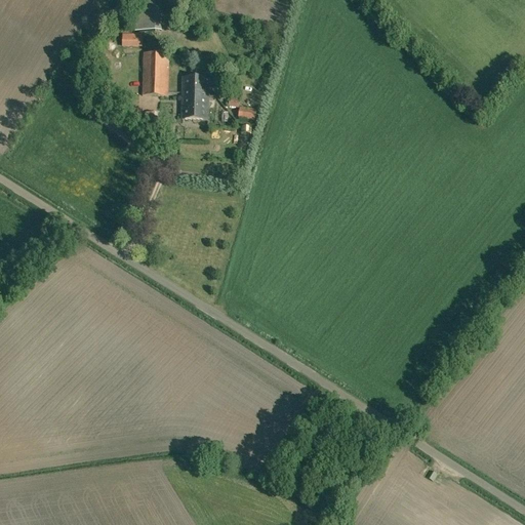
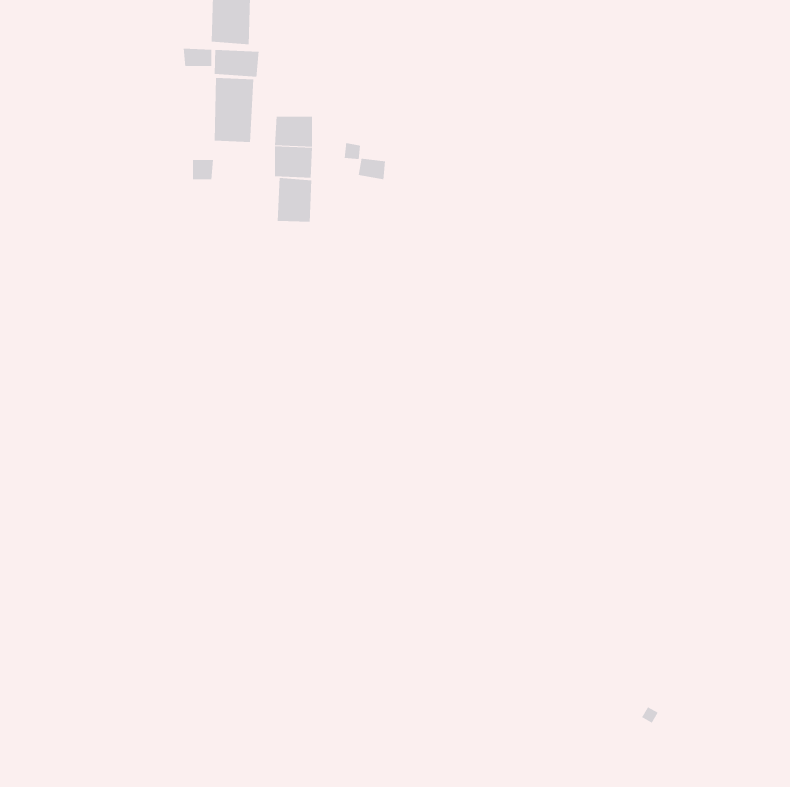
building: none -> [214,49,259,78]
building: none -> [277,177,312,223]

